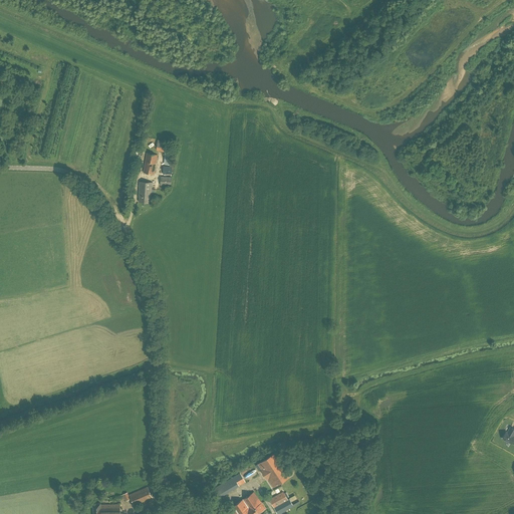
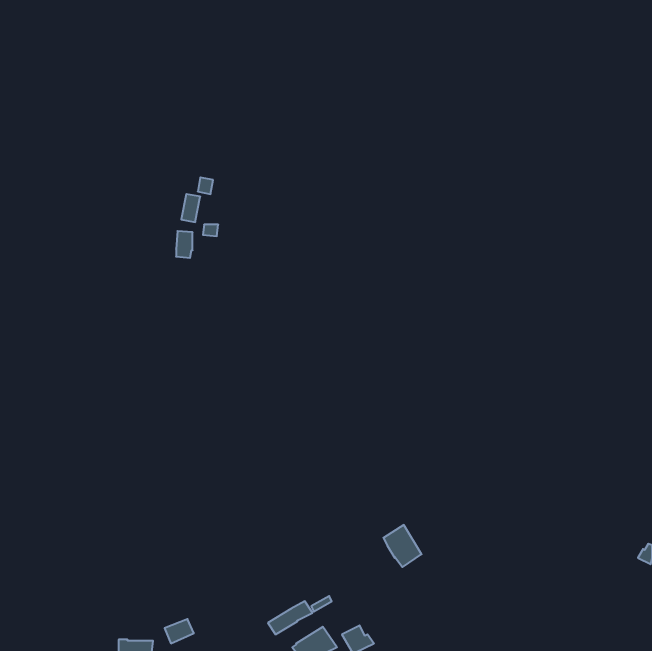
building: [259,455,289,488] -> [383,525,422,567]

